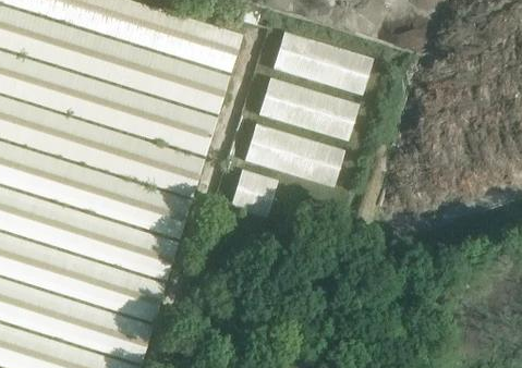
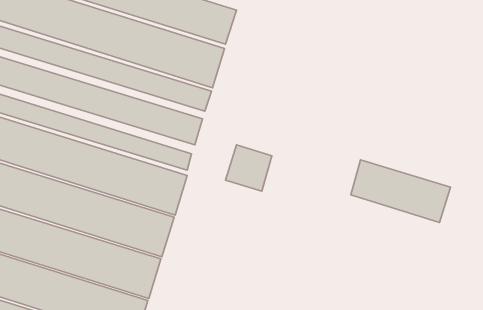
building: [272,32,372,95] -> none
building: [257,78,357,140] -> none
building: [244,124,343,186] -> [351,160,451,222]

